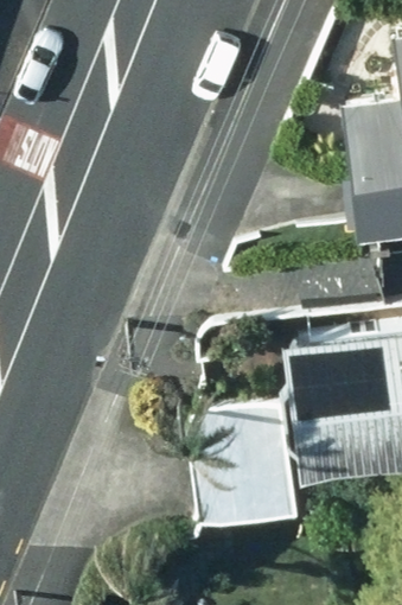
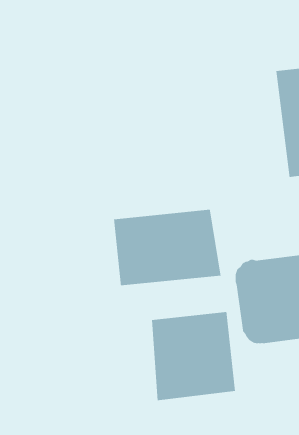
building: none -> [113,209,221,286]

